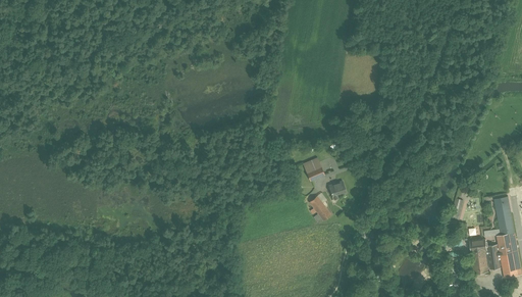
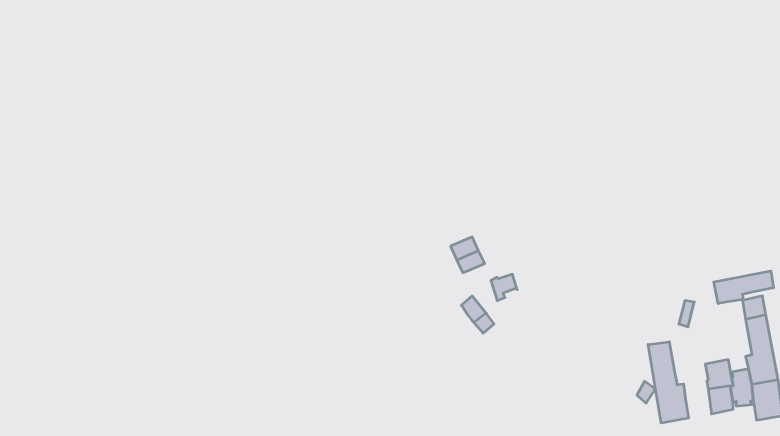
building: none -> [714,271,773,304]
building: none -> [648,342,688,423]

